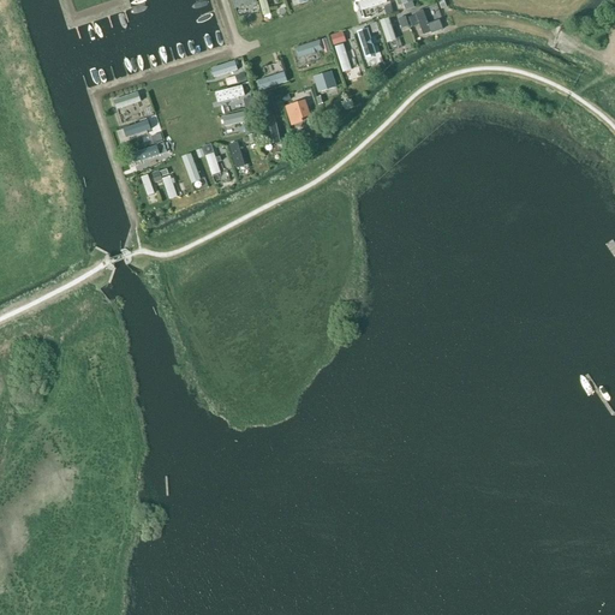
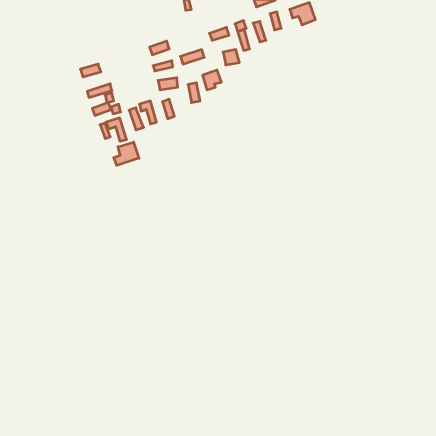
building: none -> [114,142,139,165]

